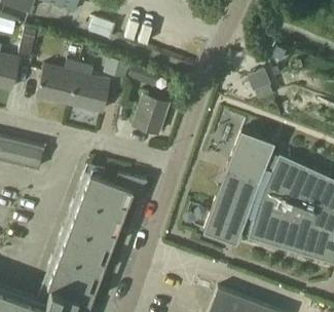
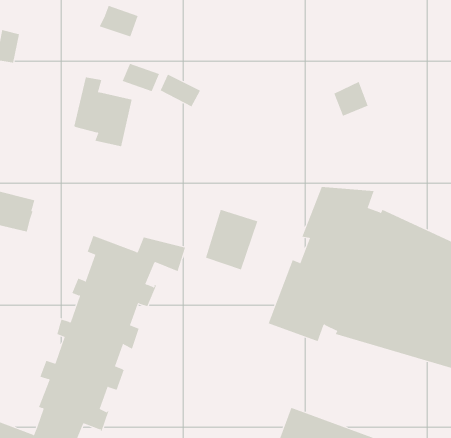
building: [37,62,79,105] -> none
building: [134,94,170,135] -> [205,209,258,270]

